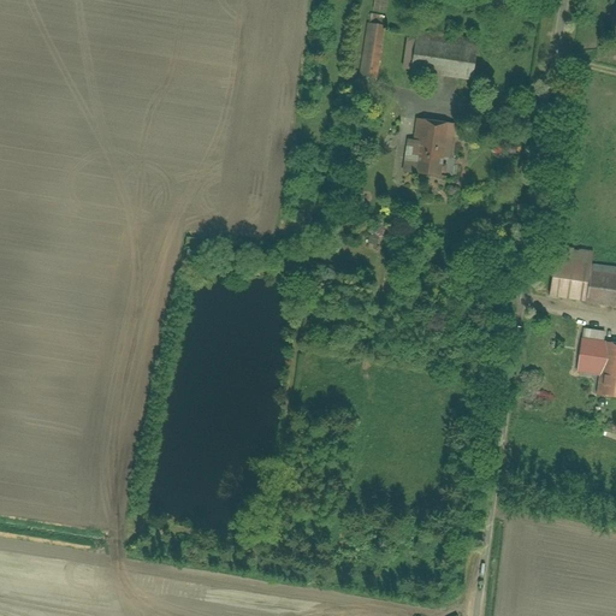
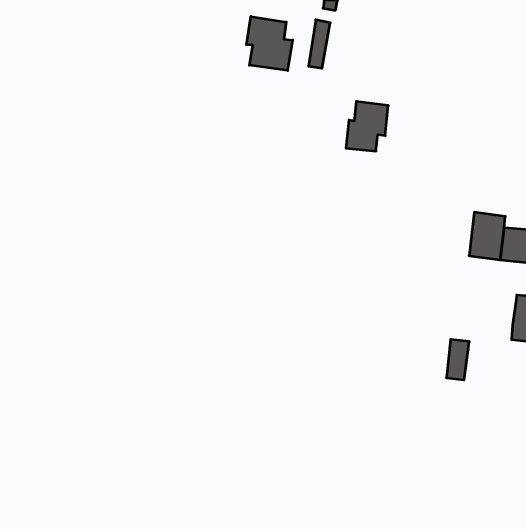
building: none -> [246,16,293,71]
building: [413,31,479,79] -> none
building: [579,331,605,378] -> [446,339,469,380]

